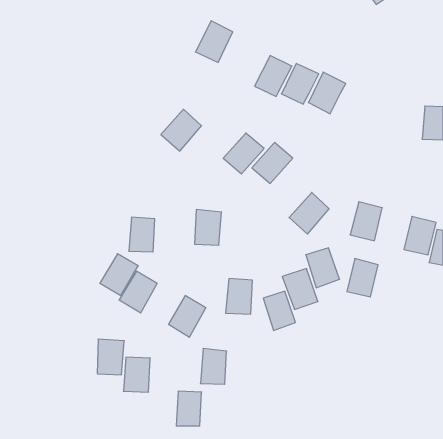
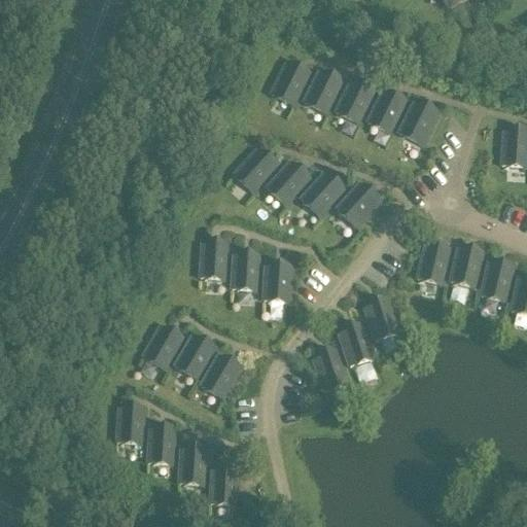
building: [195,21,233,62] -> [269,57,313,106]
building: none -> [396,96,441,145]
building: [161,109,202,151] -> [232,144,280,194]
building: [289,192,329,234] -> [335,178,382,227]
building: [129,217,155,252] -> [199,238,230,279]
building: [100,254,138,295] -> [173,330,218,380]
building: [347,259,378,297] -> [449,242,486,287]
building: [226,279,252,314] -> [261,259,293,302]
building: [200,349,227,384] -> [178,443,209,485]

